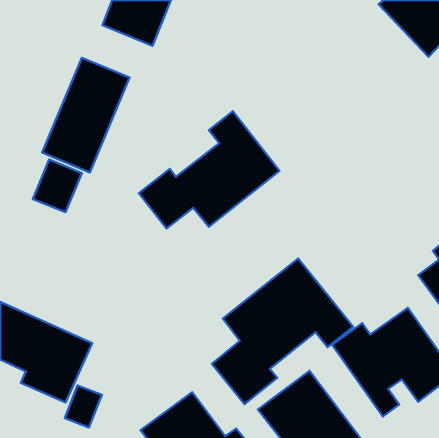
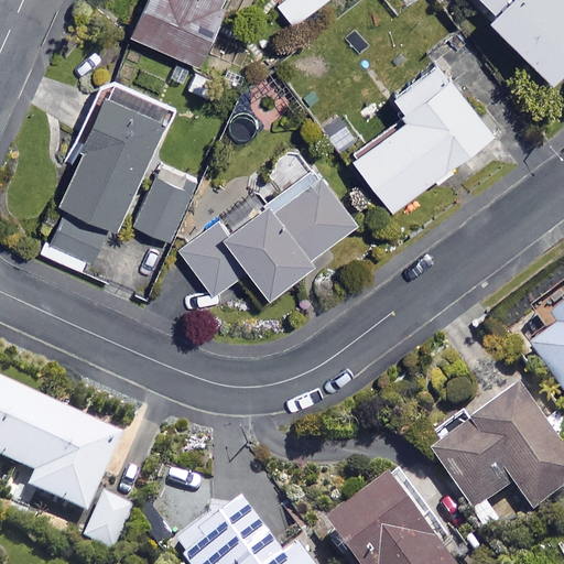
building: none -> [352,58,491,207]
building: none -> [134,163,197,239]
building: [212,259,353,404] -> none

